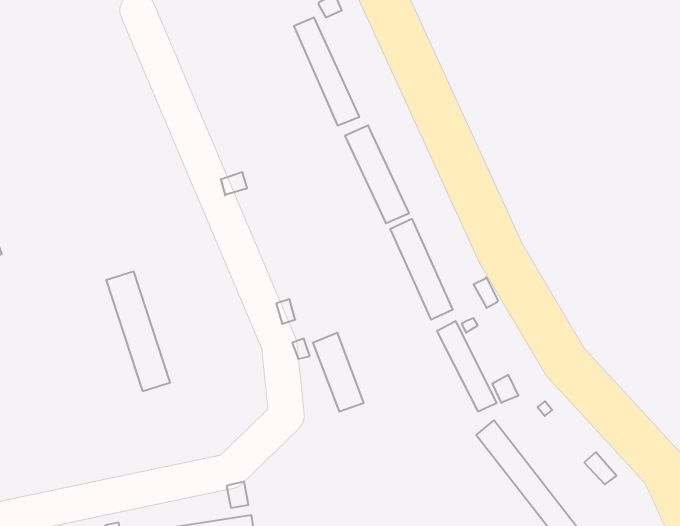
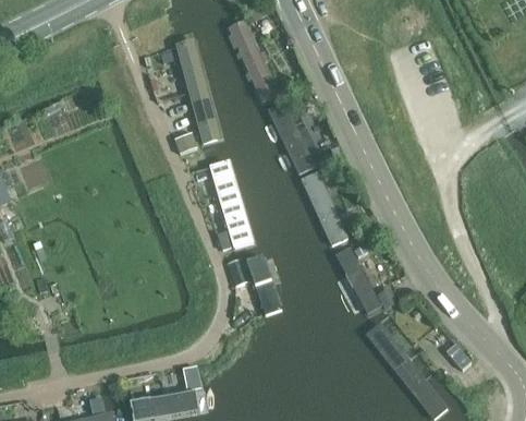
building: none -> [176,39,220,147]
building: [106,272,170,391] -> [210,160,258,250]

